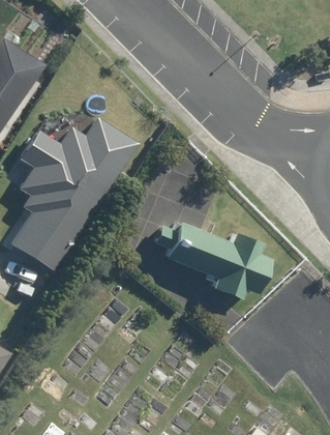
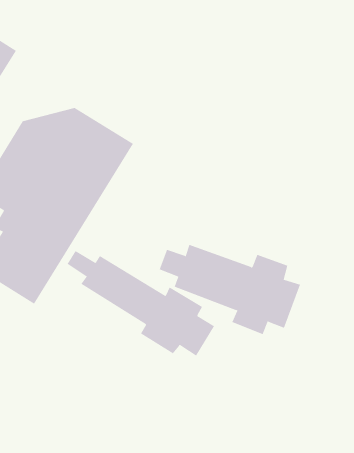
building: none -> [67,250,215,357]

